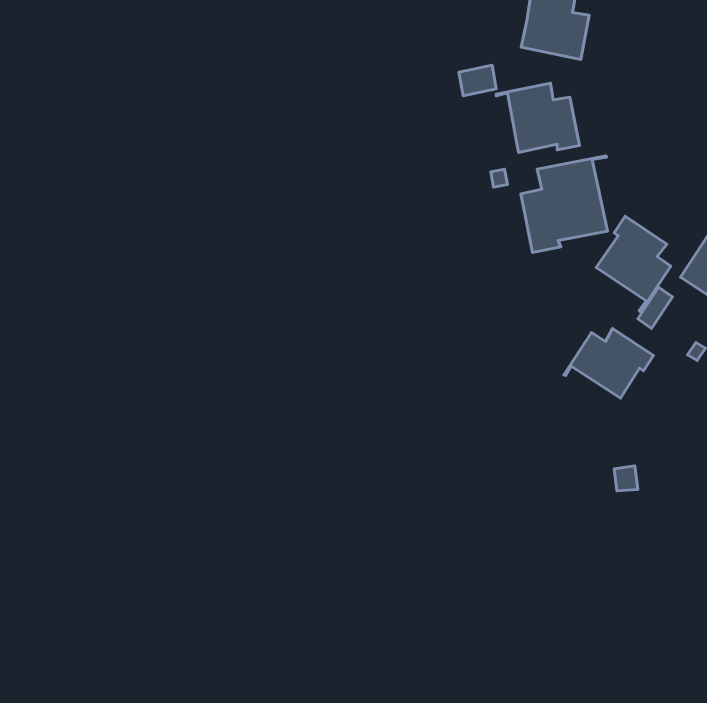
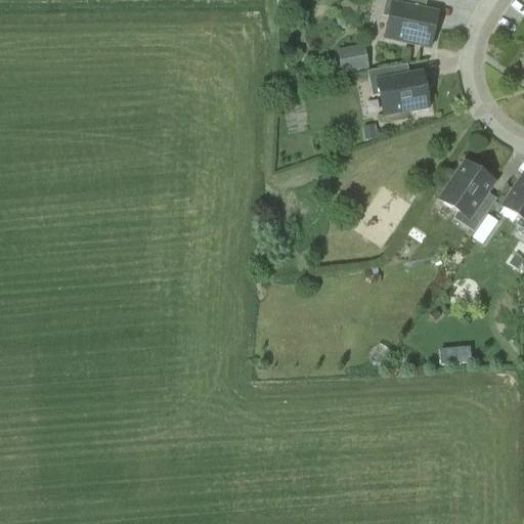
building: [521,156,608,253] -> none
building: [564,329,654,398] -> none

